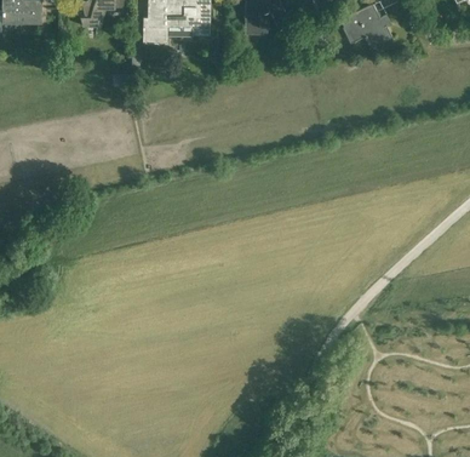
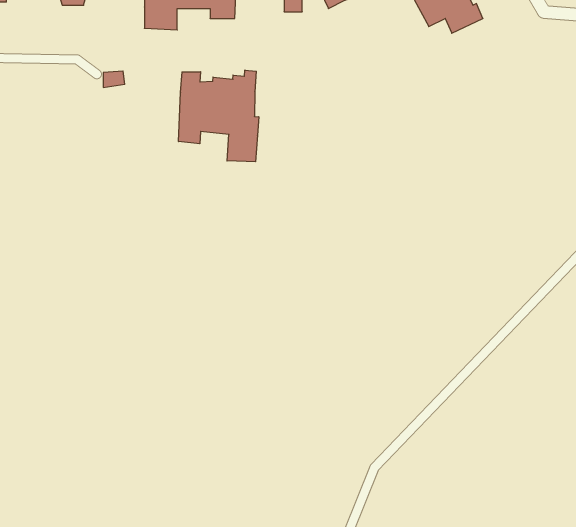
building: none -> [179,70,259,162]

